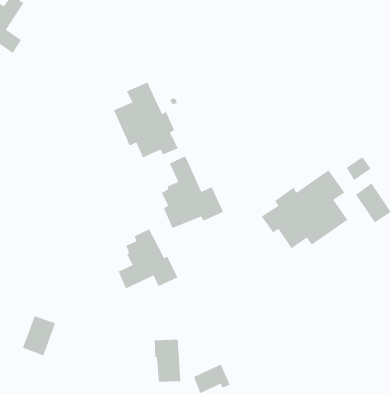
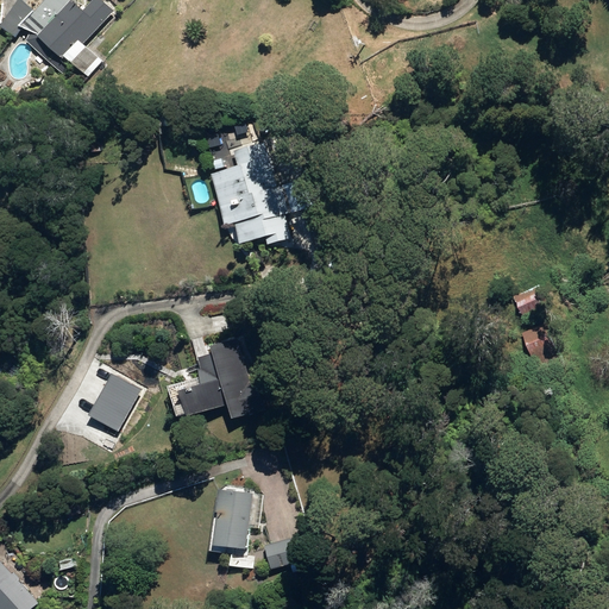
building: [161,155,224,229] -> none
building: [261,170,348,249] -> none
building: [22,316,56,356] -> [88,376,138,432]

